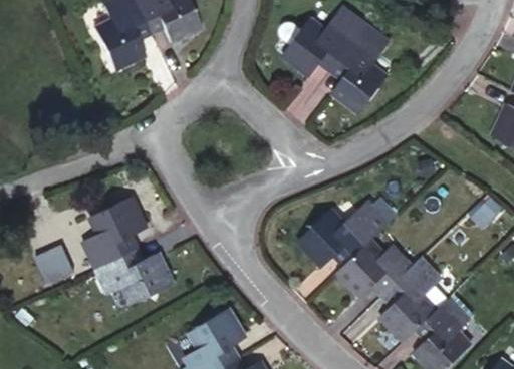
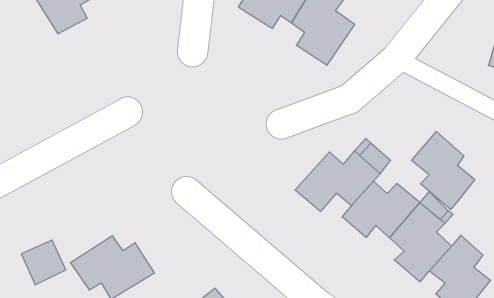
building: none -> [412,132,475,210]
building: [77,205,139,273] -> none

